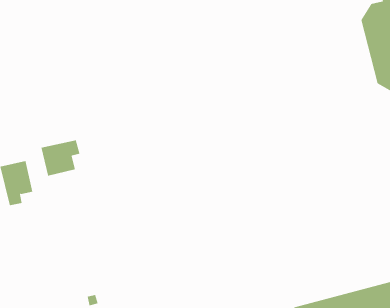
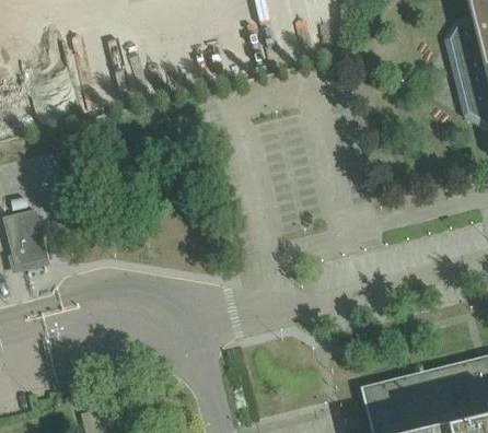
building: [41,140,80,176] -> none

